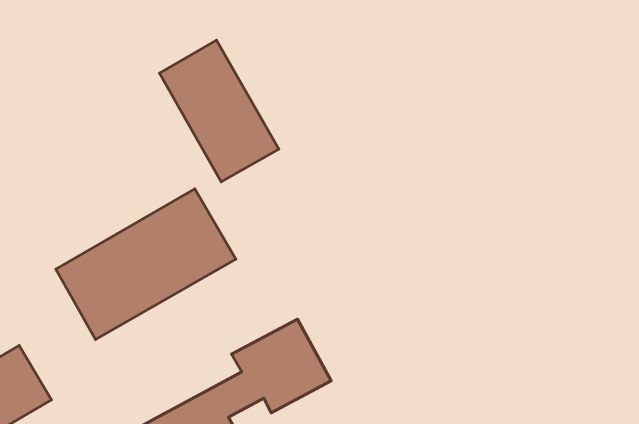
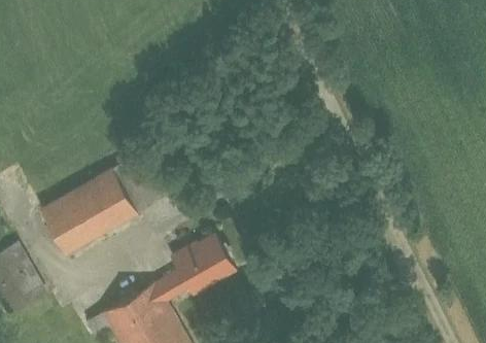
building: [160,40,279,182] -> none

